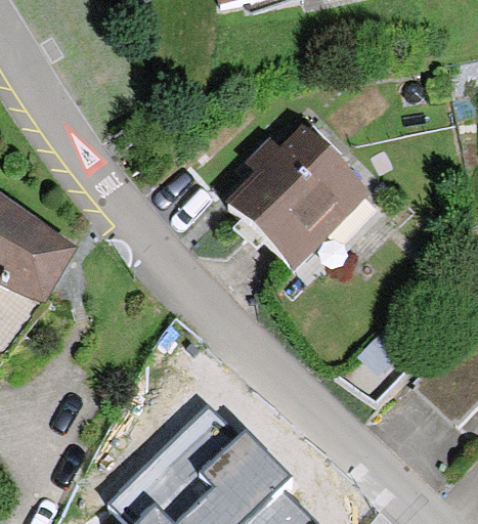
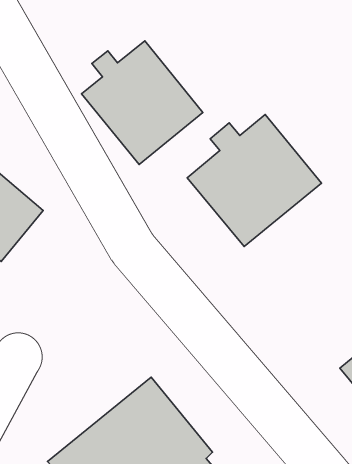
building: none -> [81,41,203,164]

